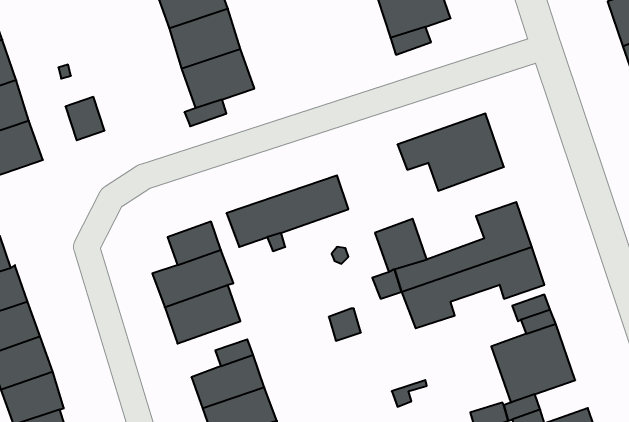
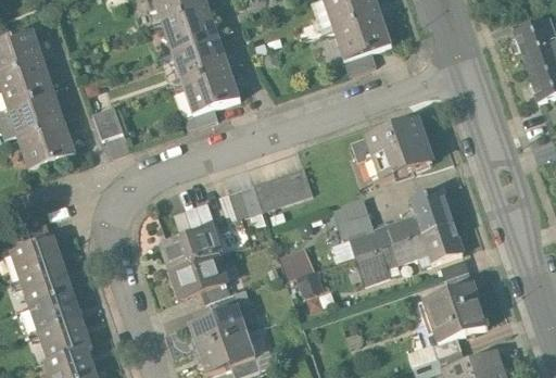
building: none -> [279,247,314,279]

